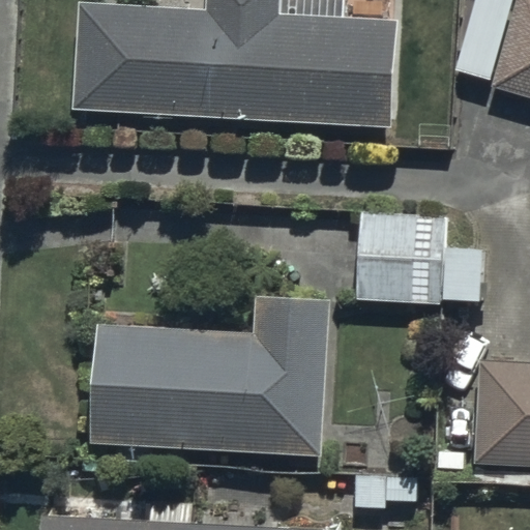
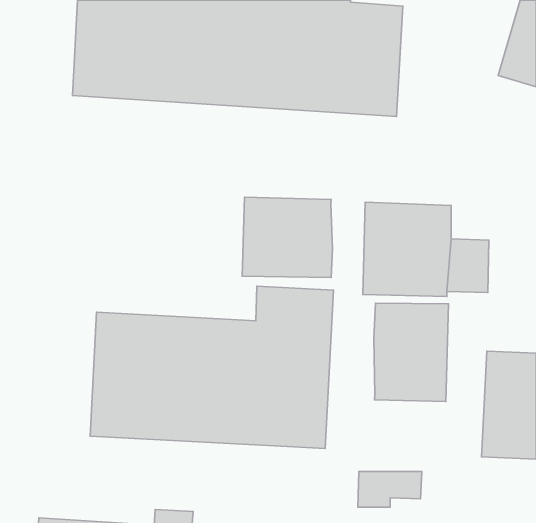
building: none -> [242,197,333,278]
building: none -> [374,303,449,402]

